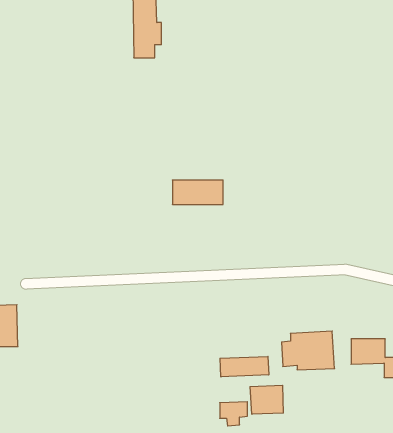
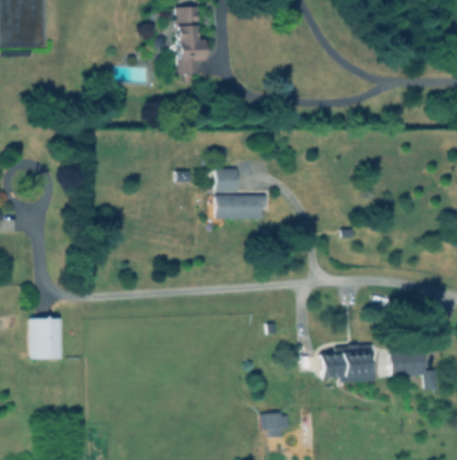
building: none -> [217,169,239,191]
building: [220,356,269,377] -> none
building: [250,385,283,414] -> none

